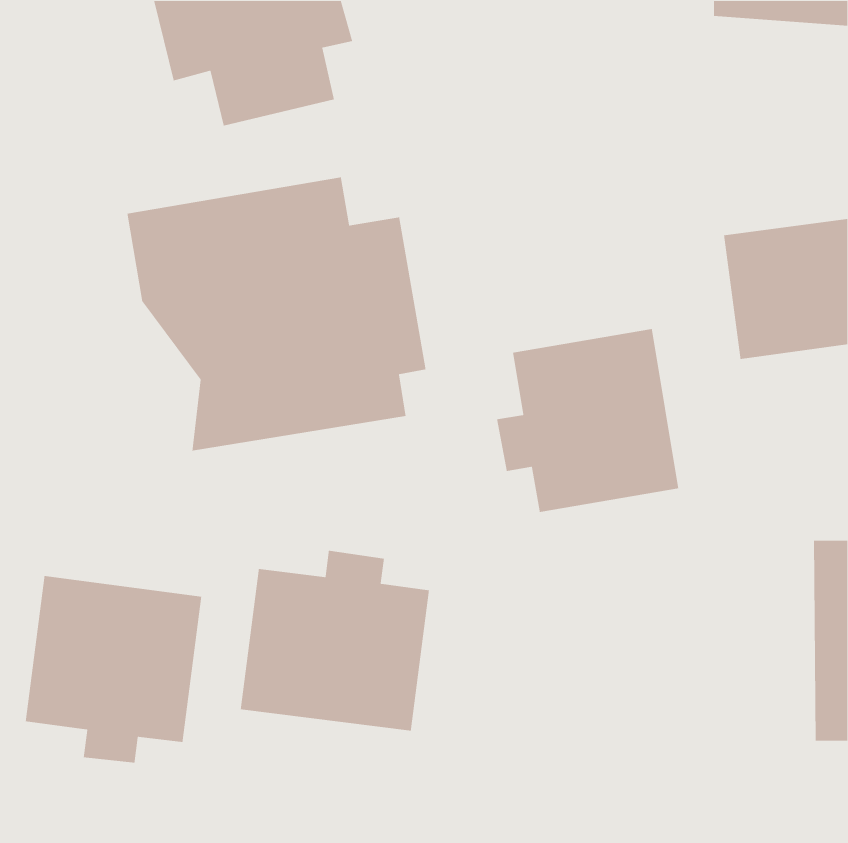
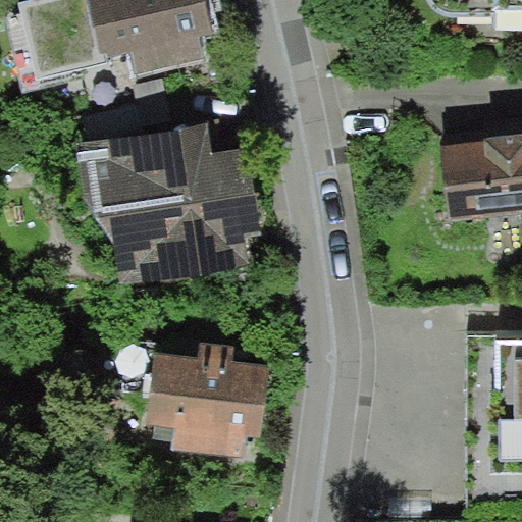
building: [496,328,679,513] -> none
building: [25,575,202,764] -> none

